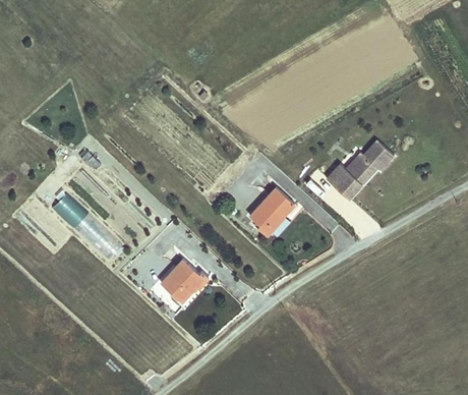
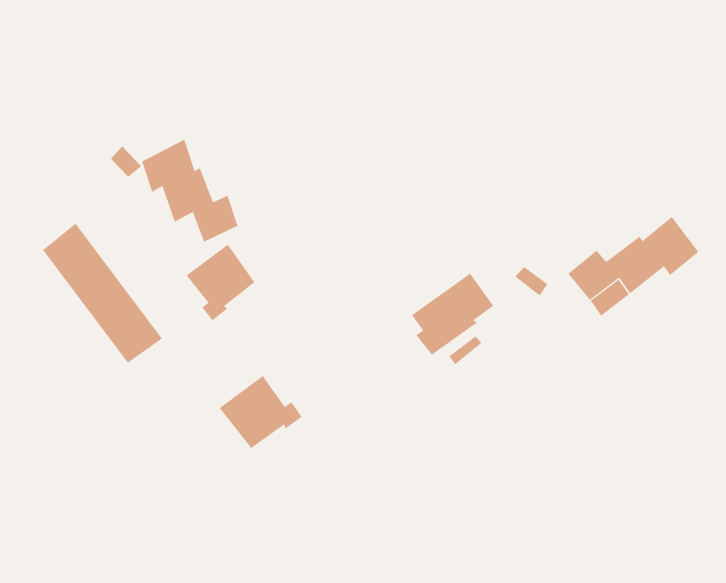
building: none -> [141,139,238,242]
building: none -> [186,244,255,321]

